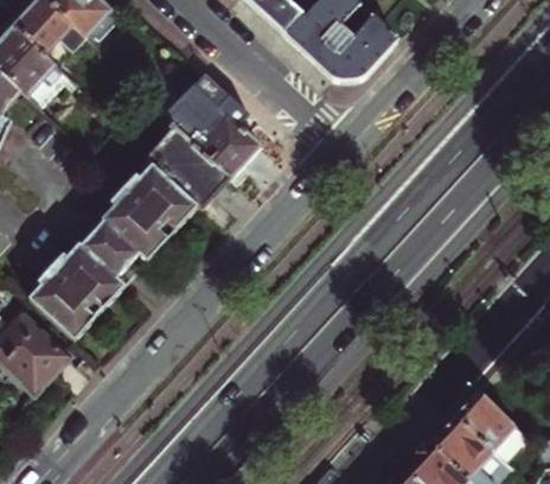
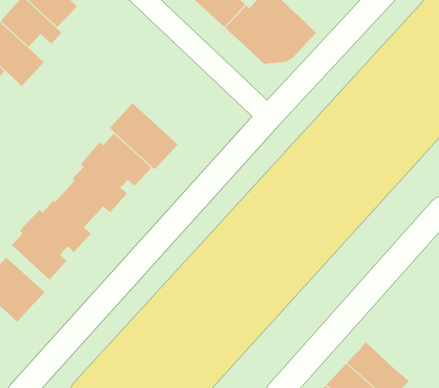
building: [161,72,257,177] -> none
building: [455,388,526,450] -> none

